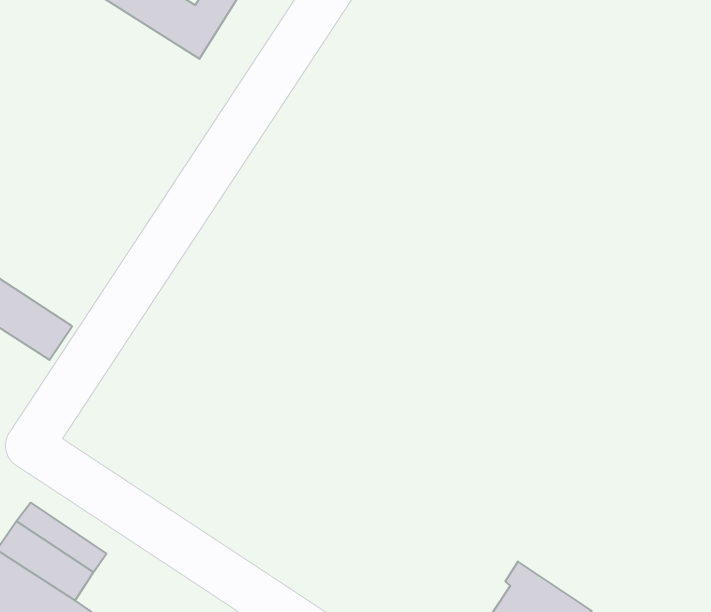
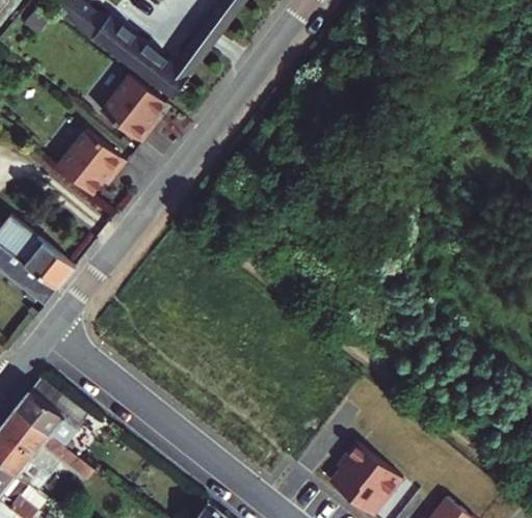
building: none -> [100,75,164,144]
building: none -> [55,131,125,195]

